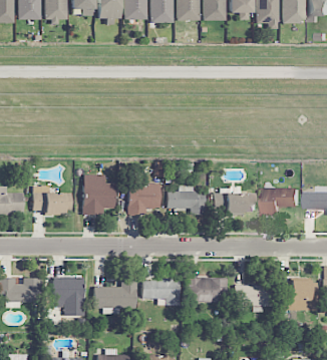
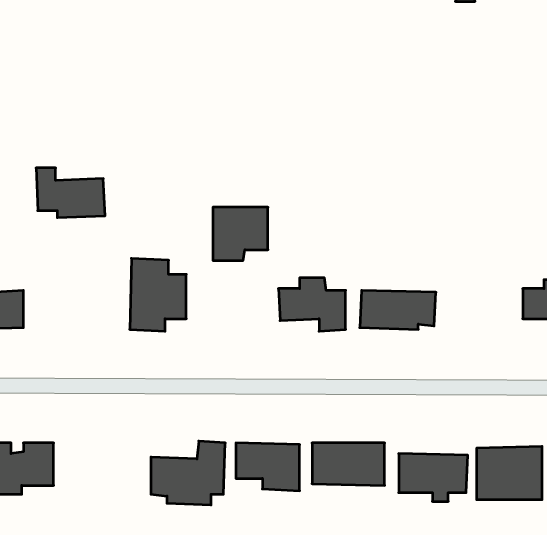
building: [129,185,160,215] -> [213,207,268,260]
building: [33,187,72,215] -> [36,168,105,218]
building: [264,188,299,216] -> none
building: [54,277,84,316] -> none

